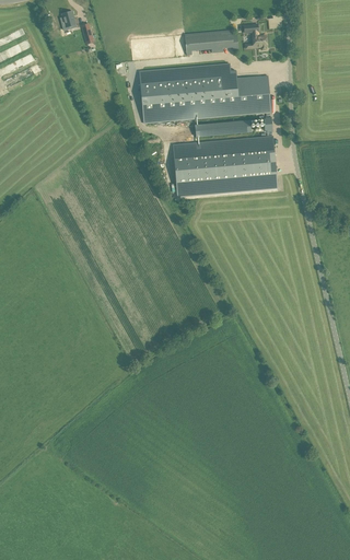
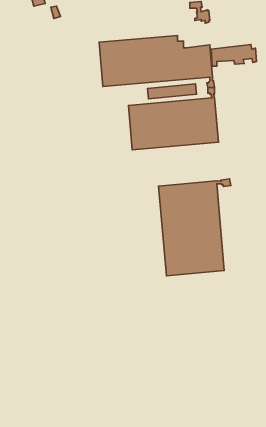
building: [185,30,237,55] -> [211,44,257,66]
building: none -> [158,179,231,276]

